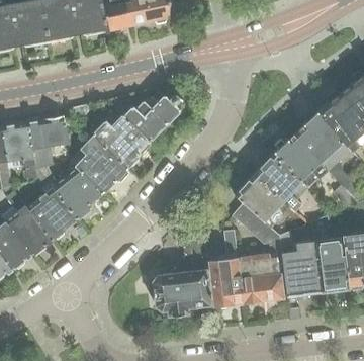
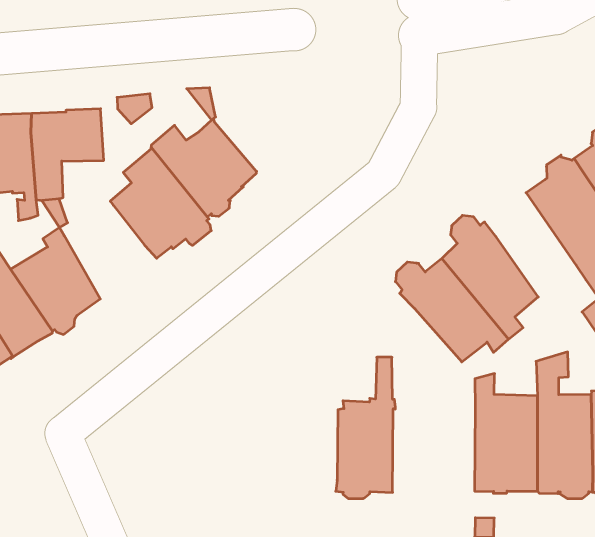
building: [124,92,182,141] -> none
building: [274,134,332,189] -> none
building: [52,168,102,219] -> none
building: [231,203,281,306] -> none
building: [152,232,210,317] -> none

